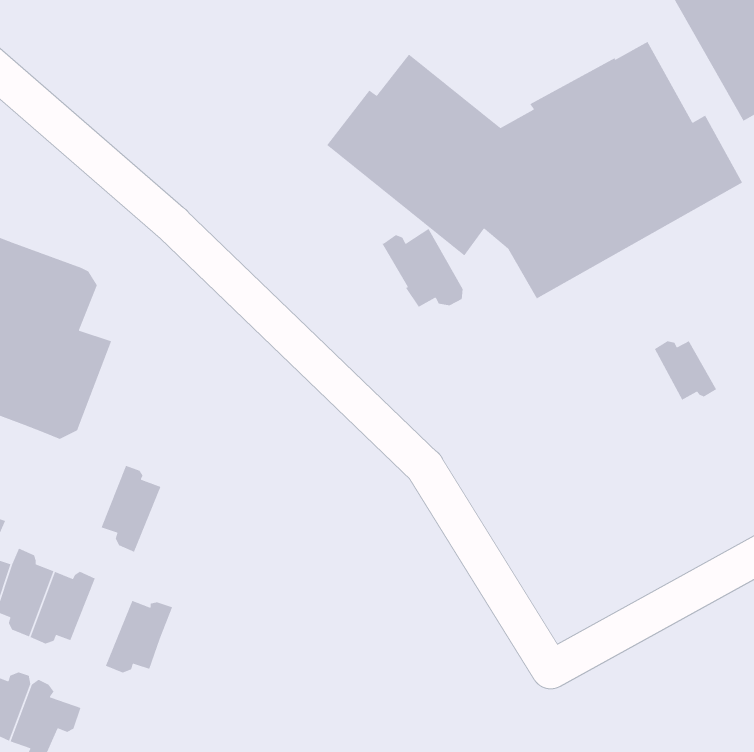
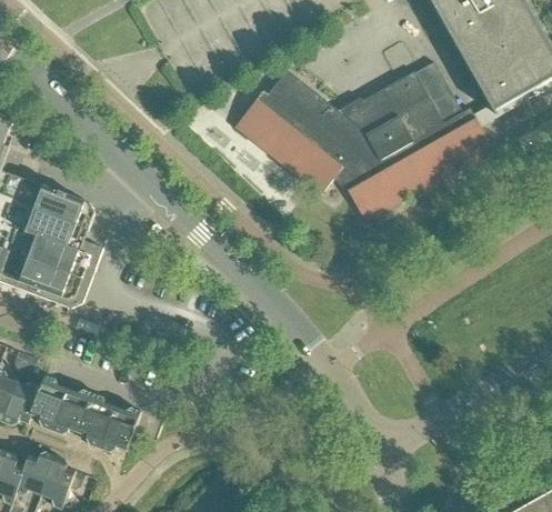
building: [381,228,463,308] -> none
building: [654,340,717,401] -> none
building: [100,465,162,553] -> [77,392,114,446]

